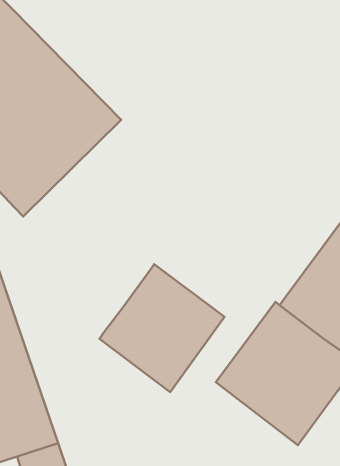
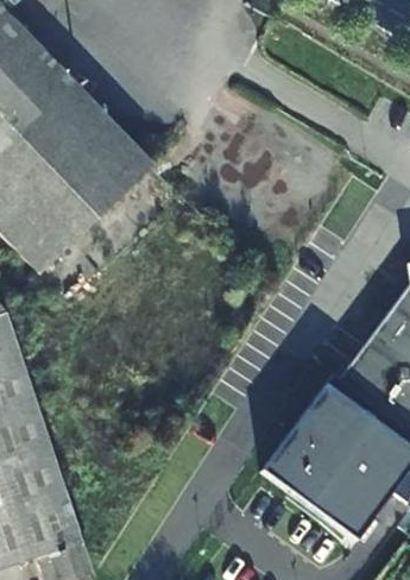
building: [99,264,225,392] -> none

